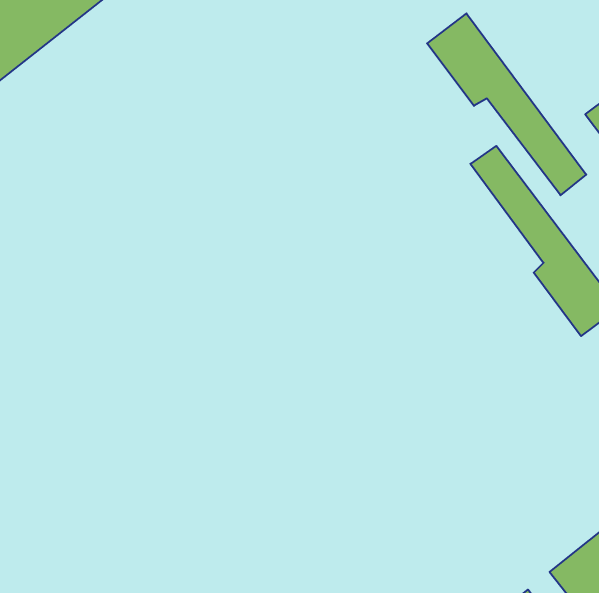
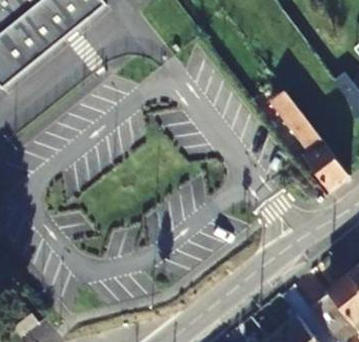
building: [427,13,586,195] -> none

